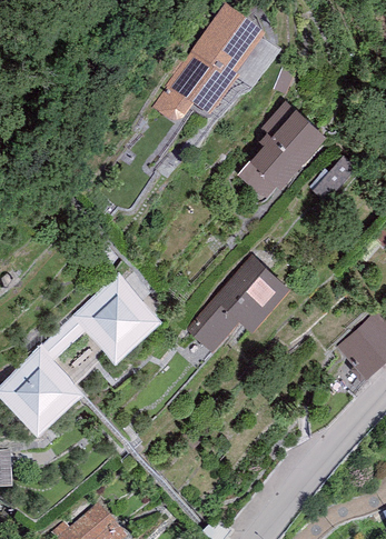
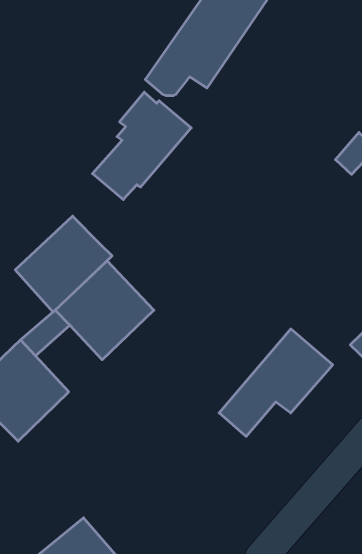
building: [236,102,325,199] -> [92,92,191,200]
building: none -> [15,216,112,312]
building: [187,256,289,352] -> [219,329,333,436]

